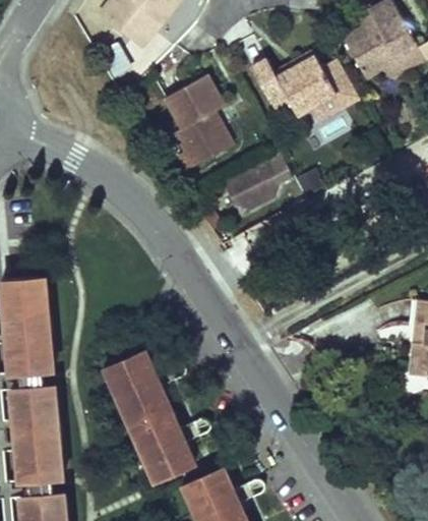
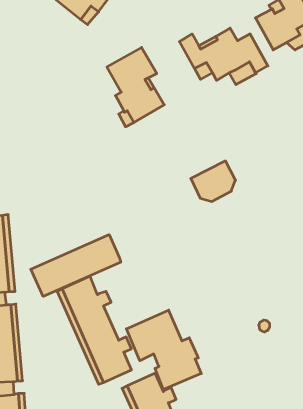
building: [224,162,278,211] -> [191,161,236,201]
building: none -> [31,235,121,296]
building: none -> [126,310,201,389]

